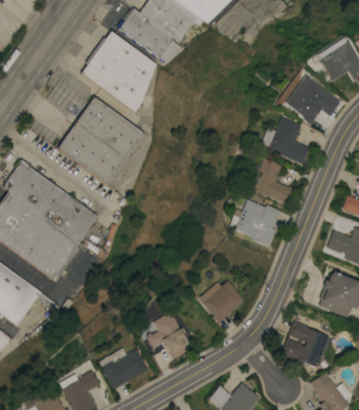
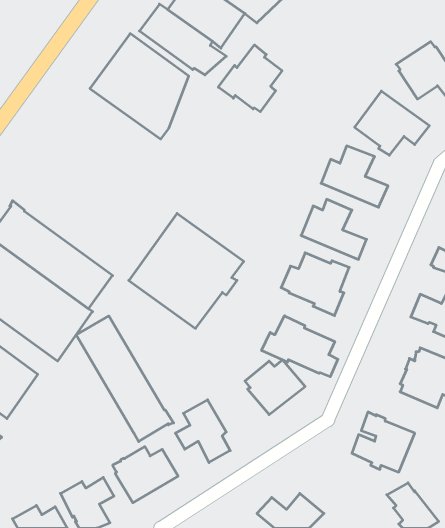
building: none -> [218,45,282,112]
building: [57,96,145,184] -> [129,213,244,328]
building: none -> [262,316,338,377]
building: none -> [76,316,174,442]

